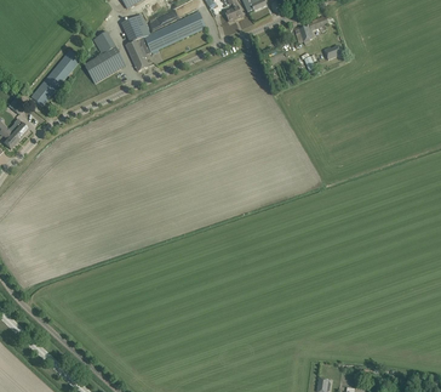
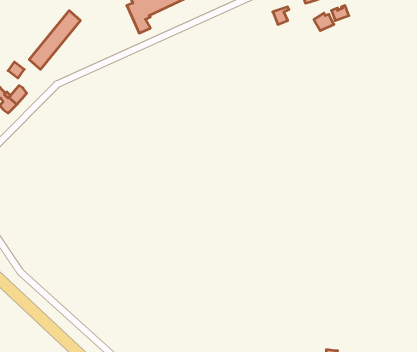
building: [85,46,127,83] -> none

